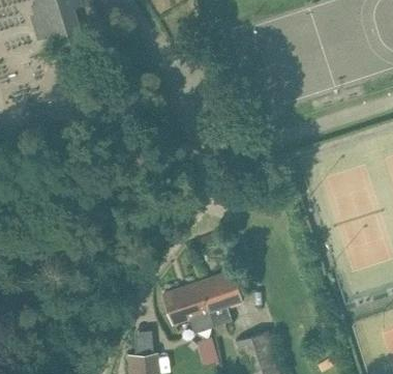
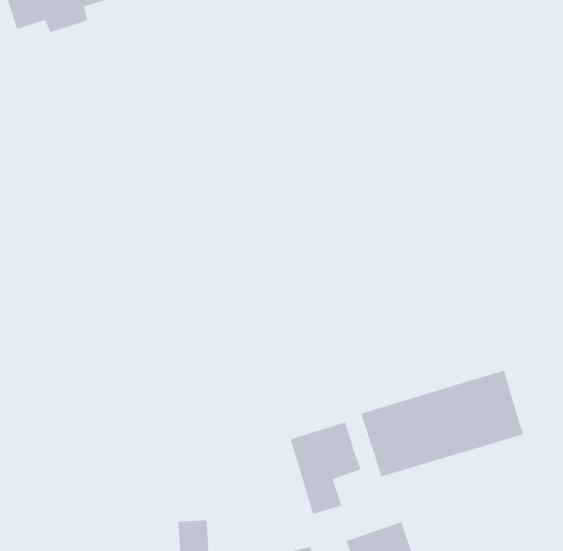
building: none -> [360,370,523,477]
building: [163,282,214,334] -> none

